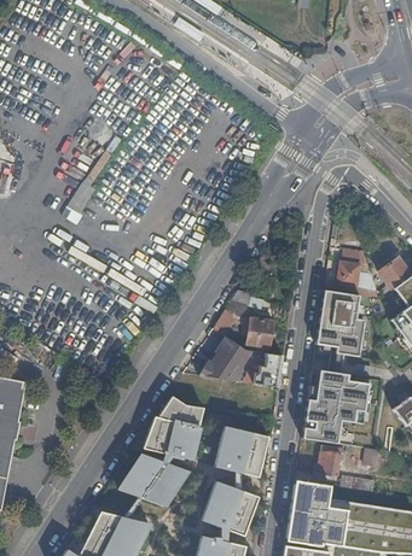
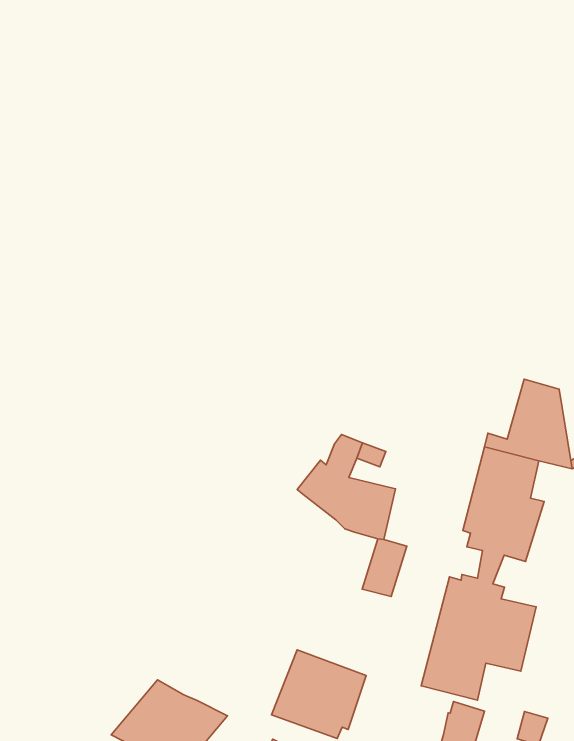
building: [204,332,251,381] -> none
building: [144,397,204,461] -> none

